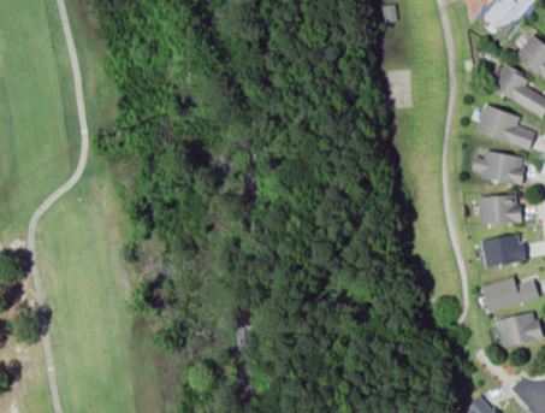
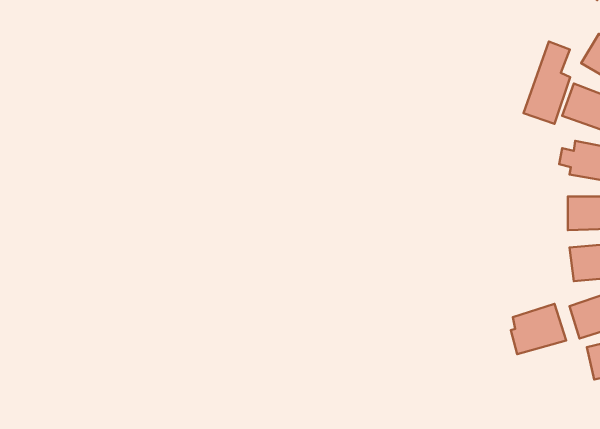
building: none -> [524,42,570,124]
building: none -> [511,304,566,354]

